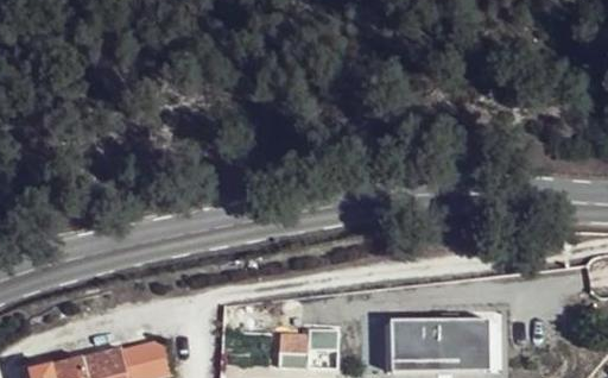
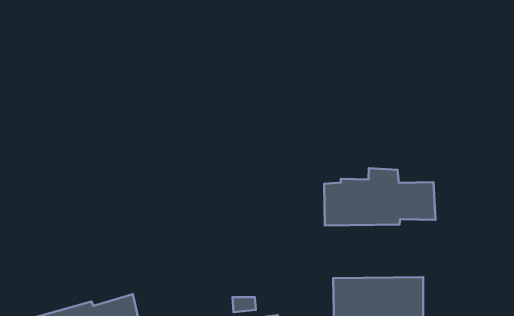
building: none -> [324,168,435,225]

